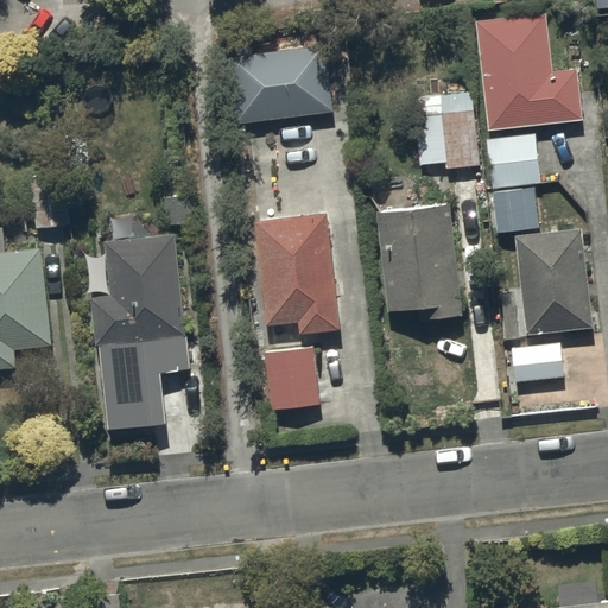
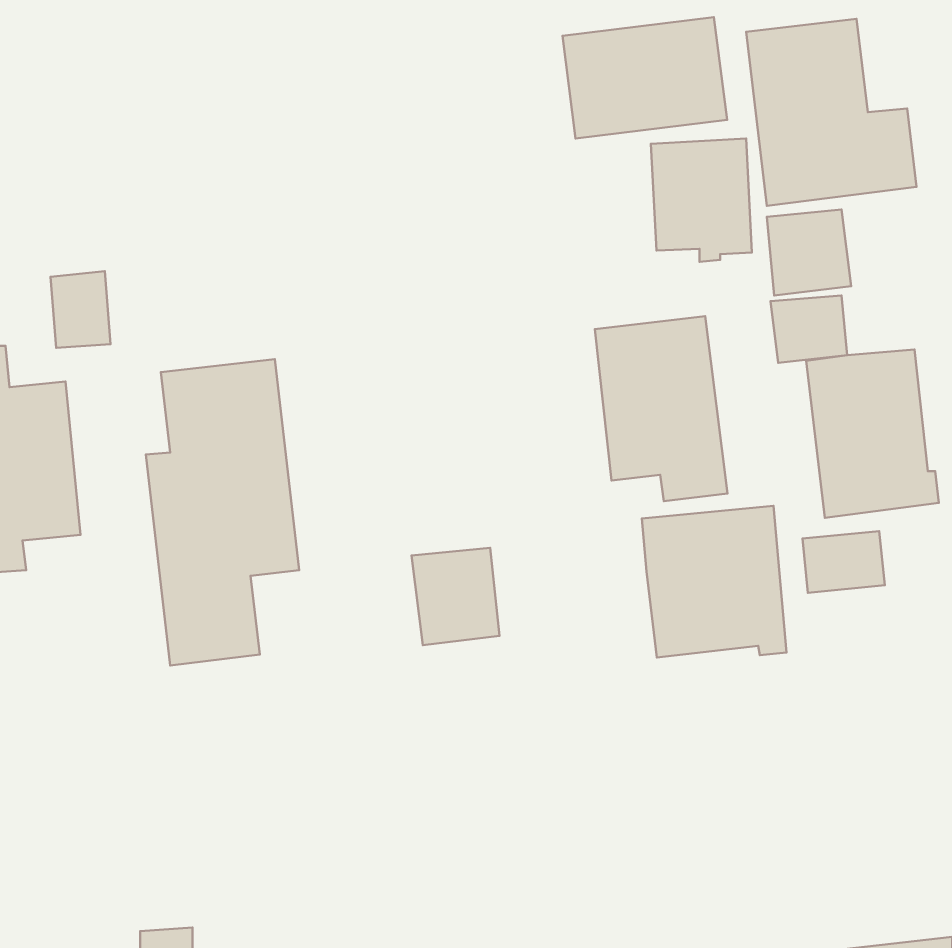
building: [227,45,331,122] -> [562,17,727,139]
building: [255,213,337,332] -> none
building: none -> [642,506,787,658]

